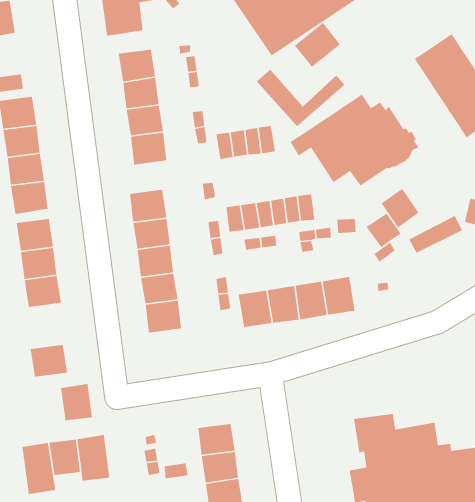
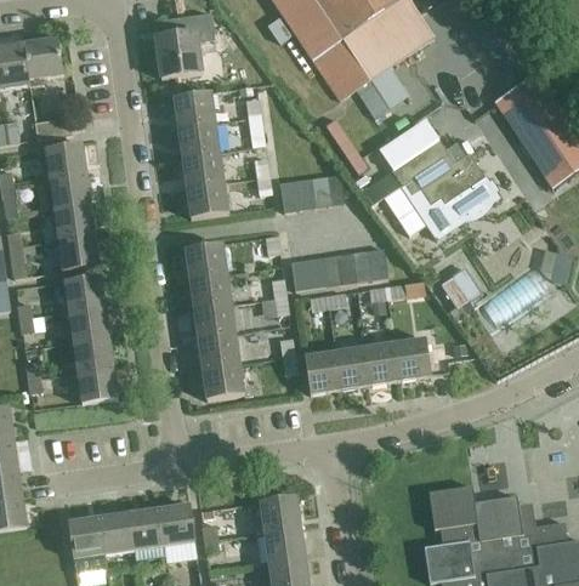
building: [381,188,420,228] -> none
building: [30,344,68,378] -> [76,366,118,403]
building: [60,383,93,421] -> [159,503,194,545]

